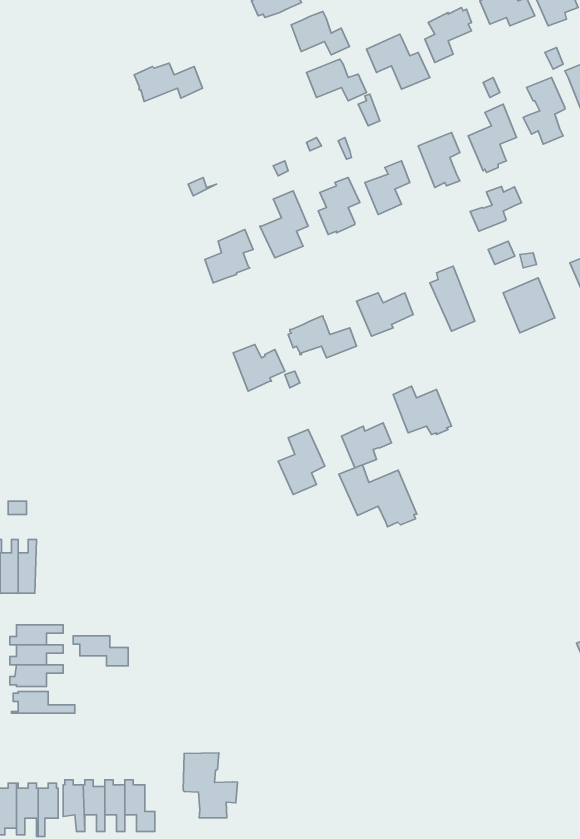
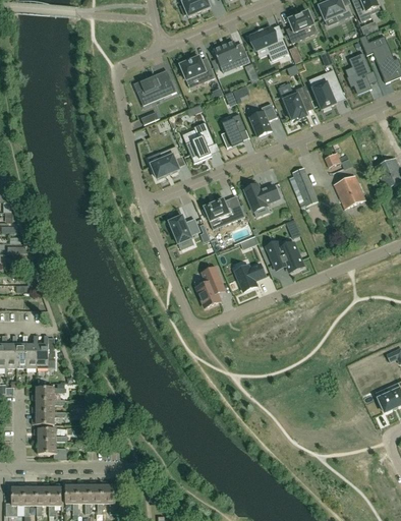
building: [291,11,350,55] -> [179,55,215,81]
building: [134,63,202,102] -> [133,75,175,99]
building: [470,187,521,231] -> none
building: [339,465,417,527] -> none
building: [73,636,128,666] -> [33,440,66,458]
building: [183,753,237,818] -> none

